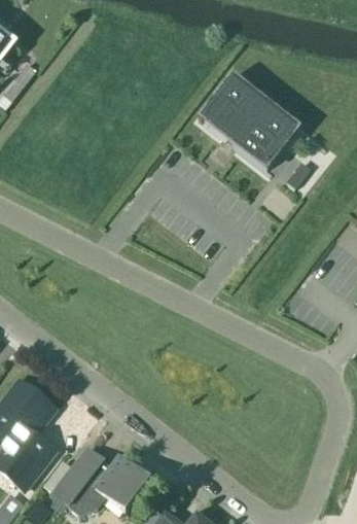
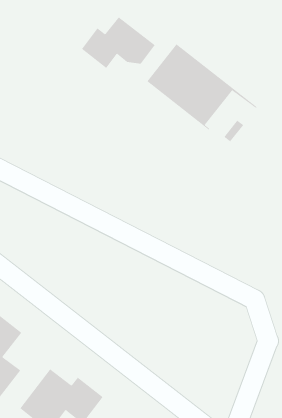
building: none -> [81,16,155,69]

